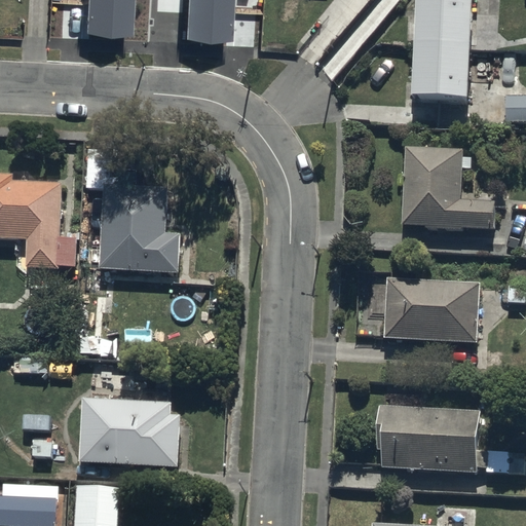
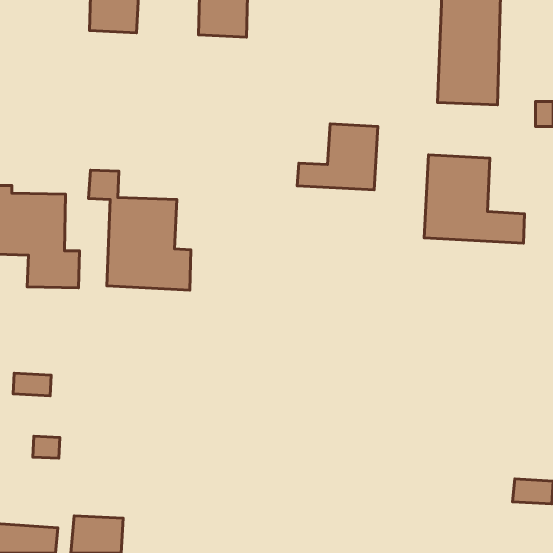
building: none -> [297,124,378,190]
building: [383,277,480,342] -> none
building: [77,398,181,466] -> none
building: [376,406,479,472] -> none

